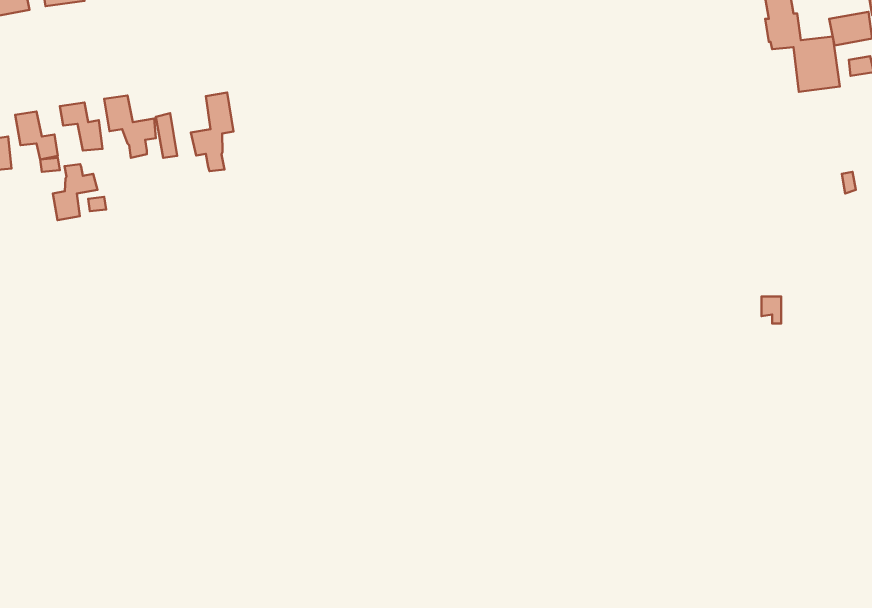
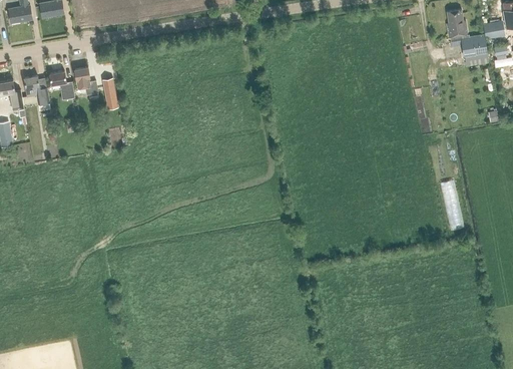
building: [191,92,234,171] -> none
building: [53,164,97,220] -> none

